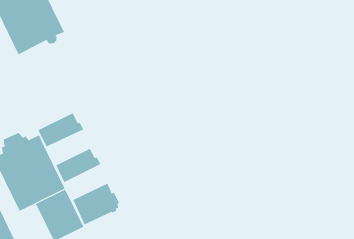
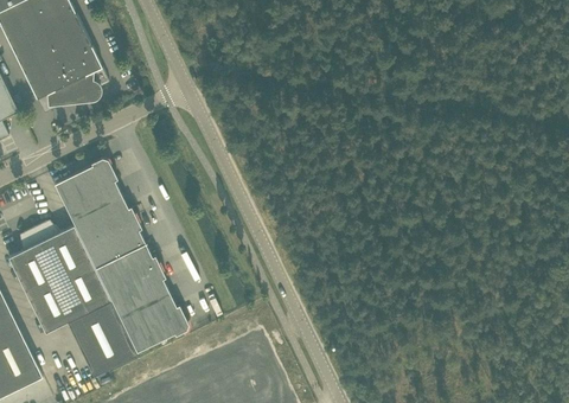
building: none -> [55,160,121,219]
building: none -> [83,218,145,268]
building: none -> [108,267,170,316]

